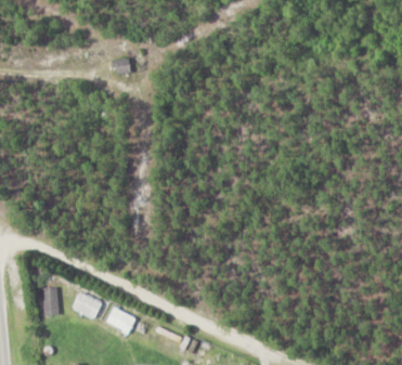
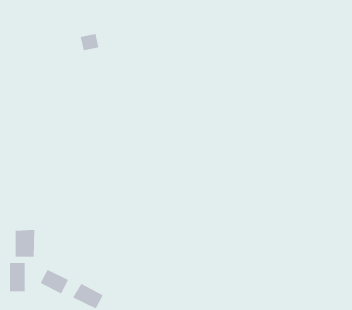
building: none -> [15,229,35,257]

